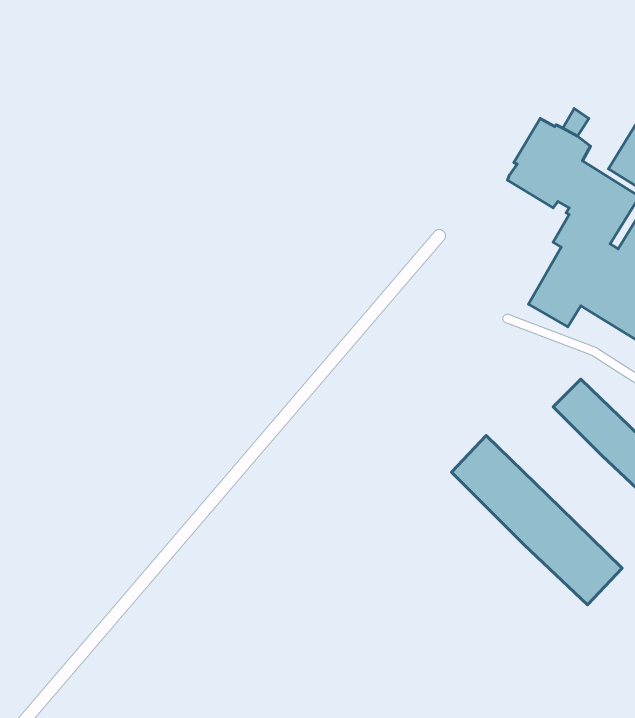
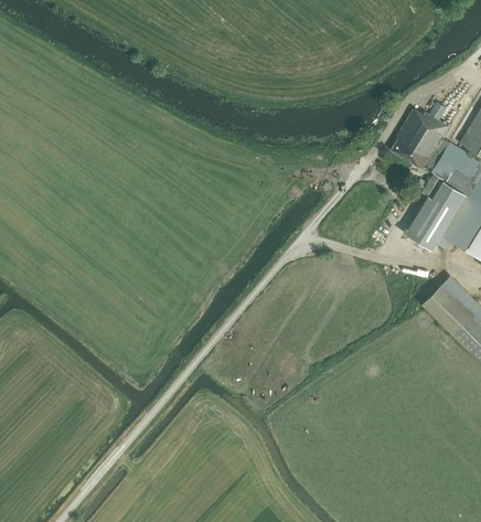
building: [452,435,622,605] -> none

